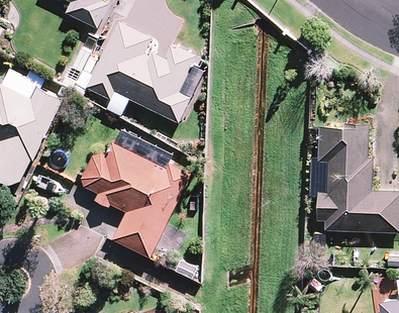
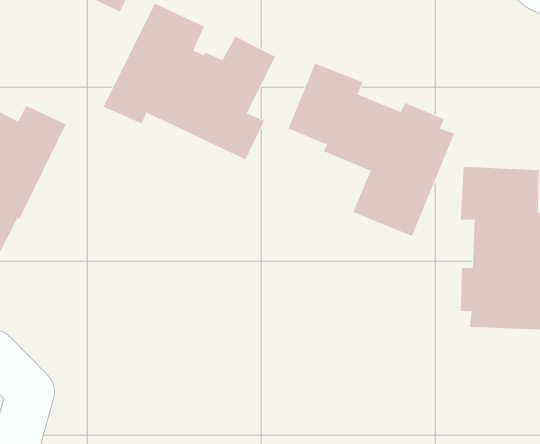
building: none -> [288,63,455,237]
building: [82,142,192,257] -> none

